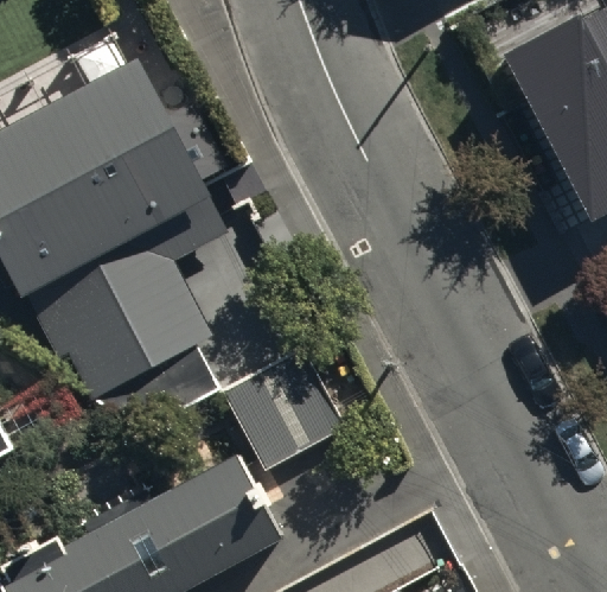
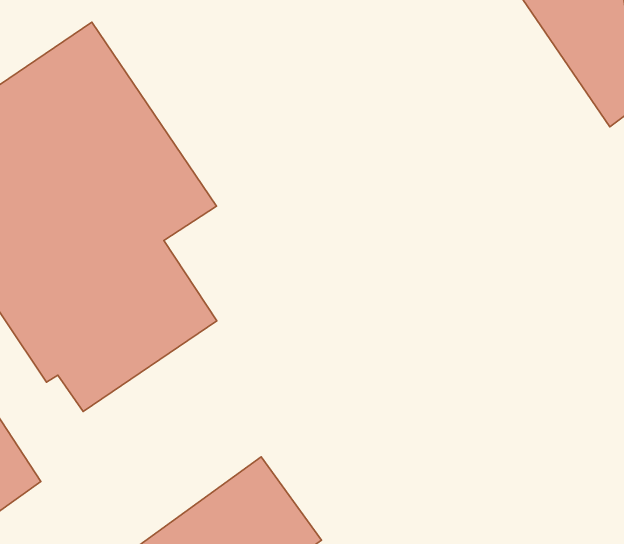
building: [222,346,346,472] -> none

